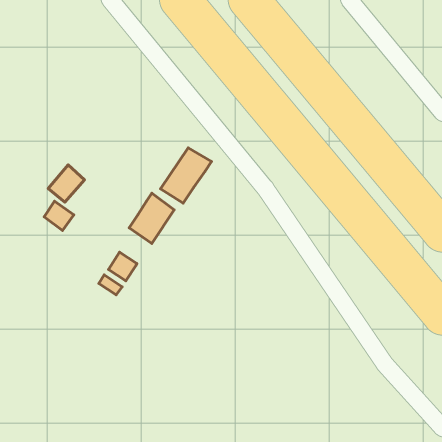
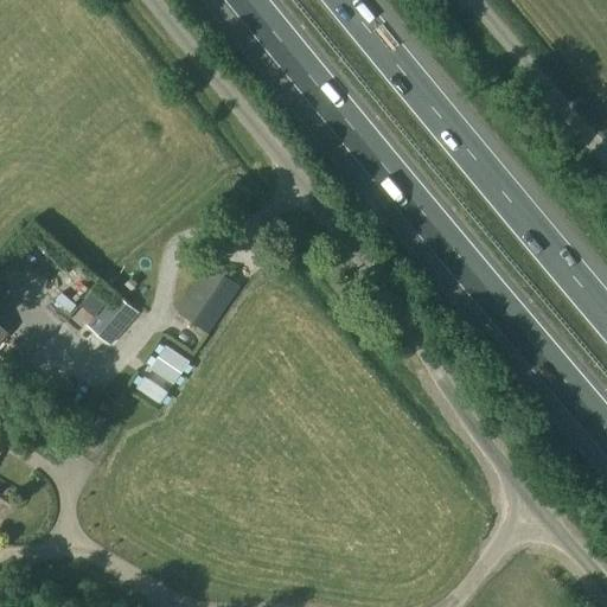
building: [161,148,211,203] -> none
building: [48,165,85,202] -> [88,293,138,344]

